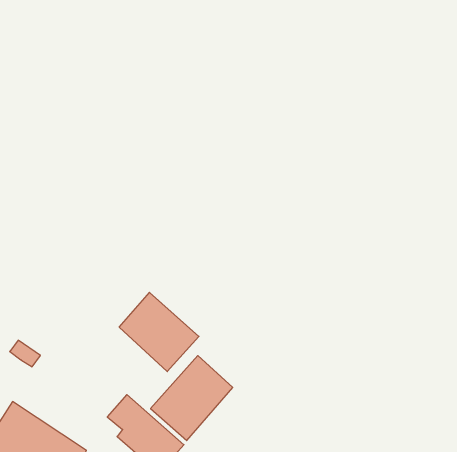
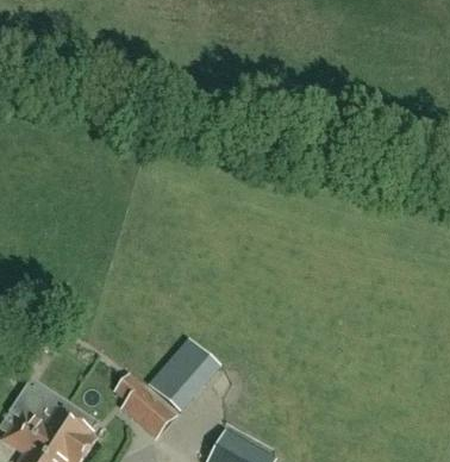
building: [119,292,199,372] -> none

